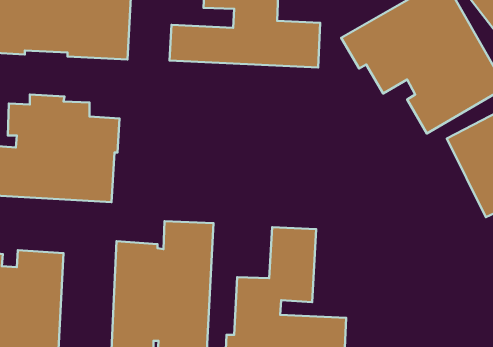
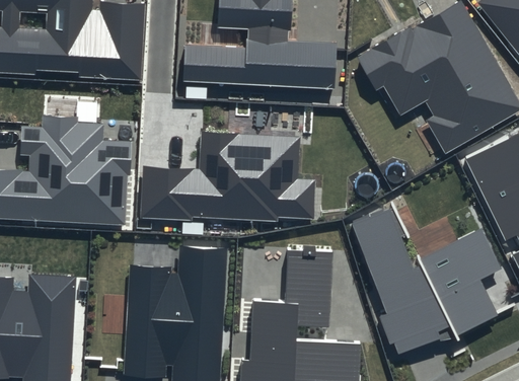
building: none -> [141,133,315,221]
building: none -> [351,207,501,354]

